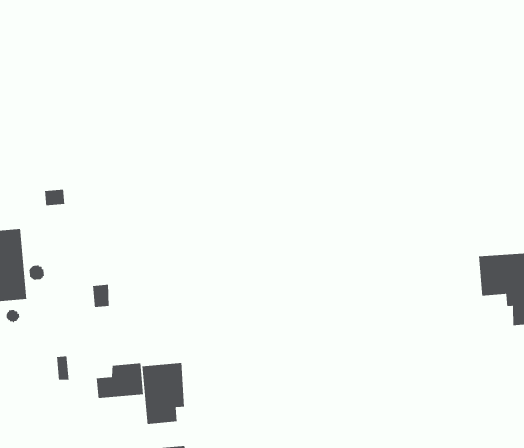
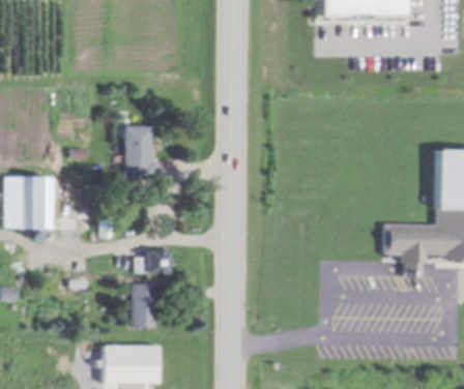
building: none -> [126,127,158,181]
building: [96,363,144,399] -> [135,249,169,273]

